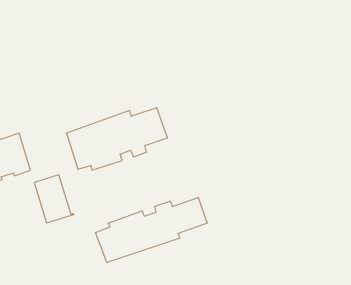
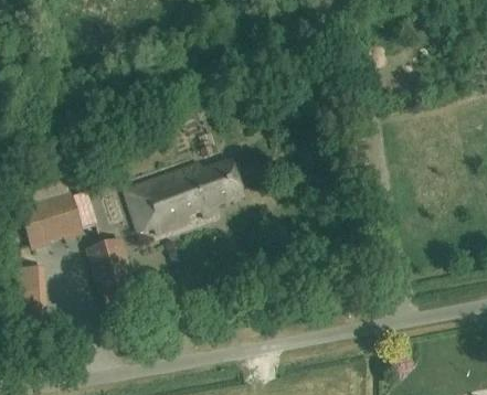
building: [95,197,207,263] -> none

